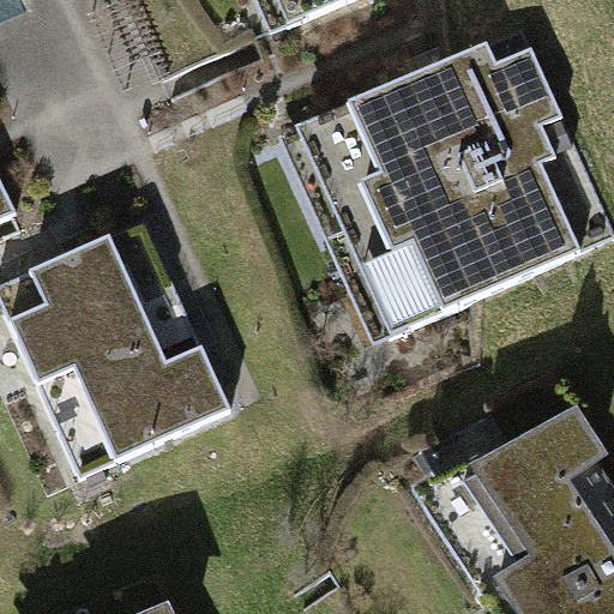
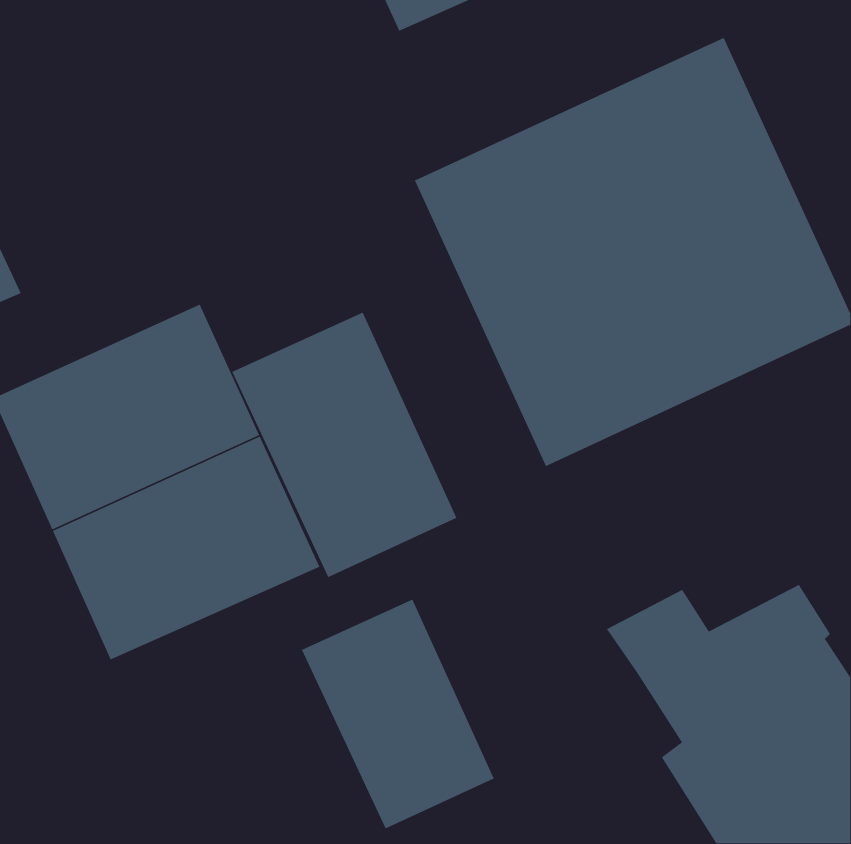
building: none -> [231,311,457,578]
building: none -> [301,598,495,830]

